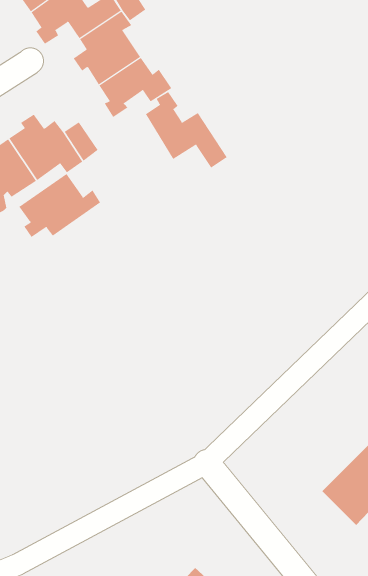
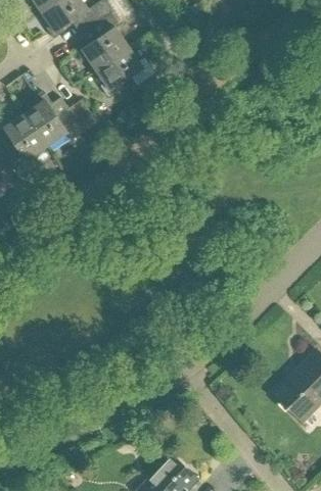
building: [145,91,227,169] -> none
building: [19,173,101,238] -> none

